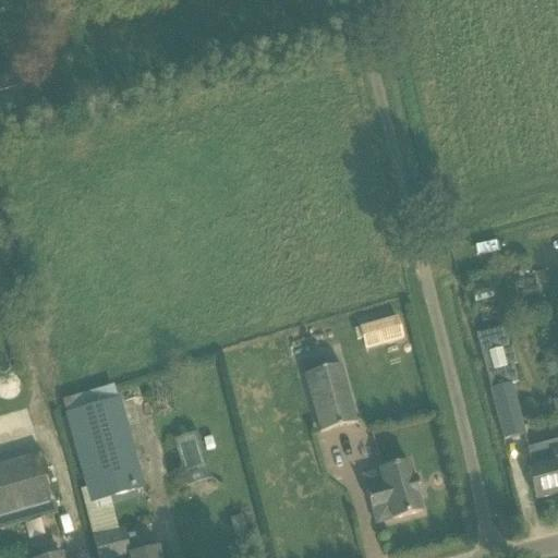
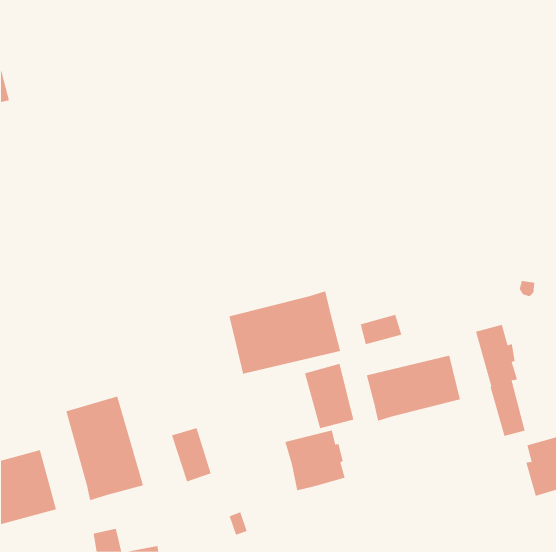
building: none -> [229,291,341,375]
building: none -> [366,355,460,421]
building: [362,460,423,521] -> [284,430,346,491]

